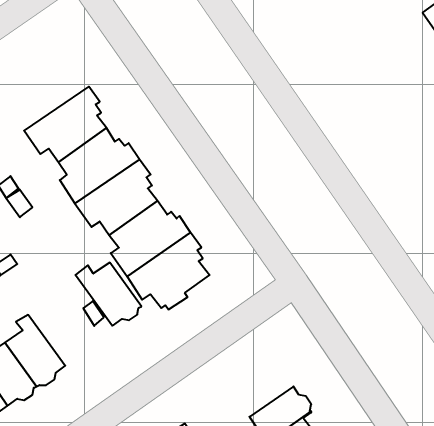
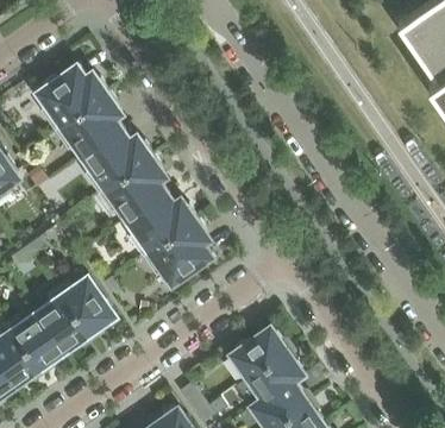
building: none -> [38,63,109,130]
building: [75,263,141,326] -> [57,278,114,333]
building: none -> [232,327,287,377]

